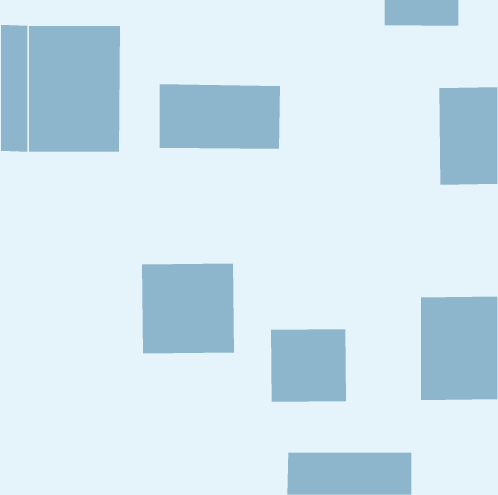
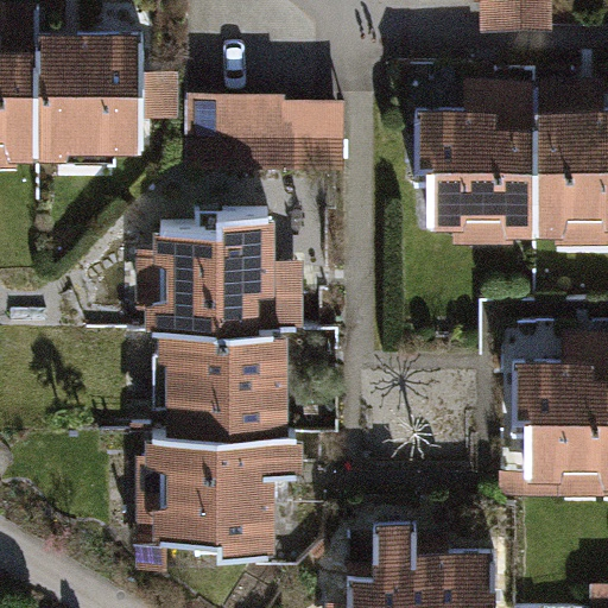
building: none -> [426,107,536,227]
building: none -> [164,205,300,322]
building: [270,328,346,402] -> none
building: none -> [153,430,298,546]

